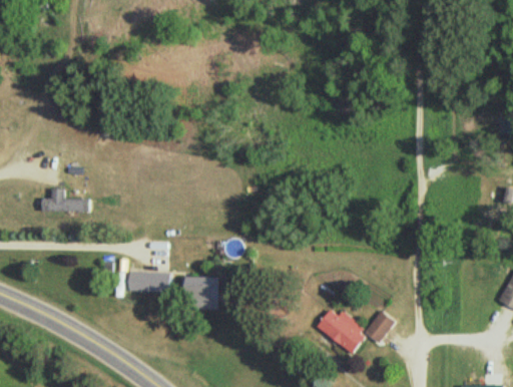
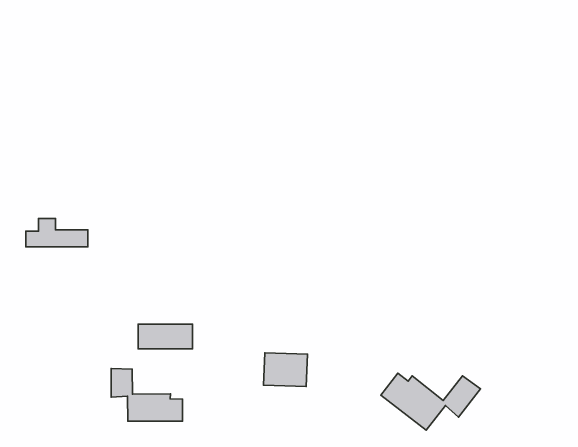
building: [185,274,219,300] -> [264,353,308,386]
building: none -> [111,369,183,421]

